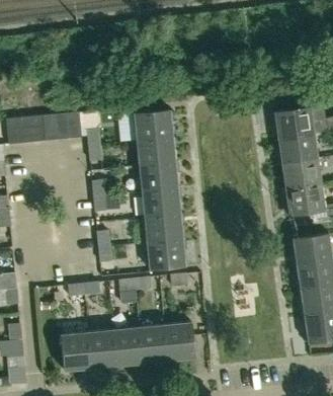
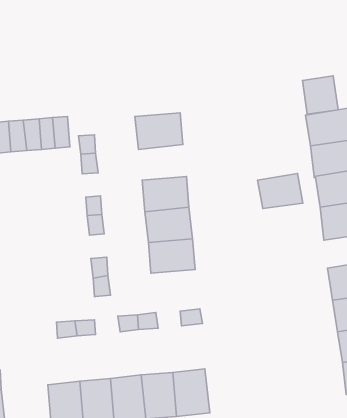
building: none -> [302,76,338,114]
building: [136,137,175,166] -> none
building: none -> [258,174,303,209]
building: [146,240,185,269] -> none

